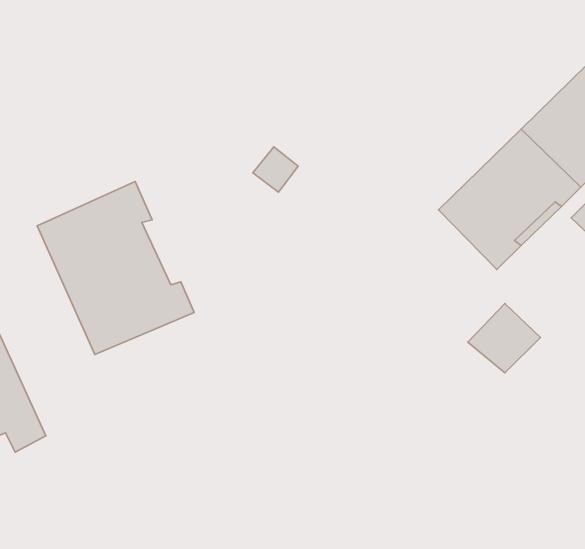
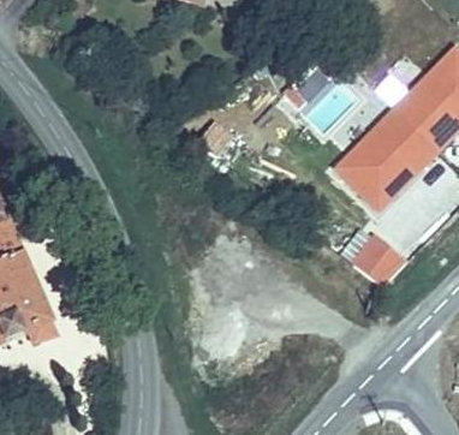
building: [37,181,194,354] -> none

